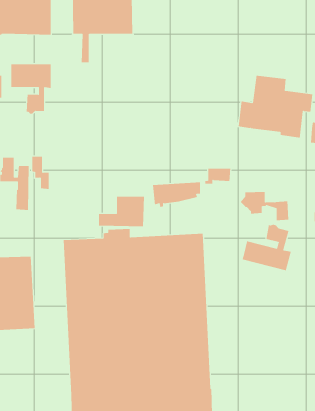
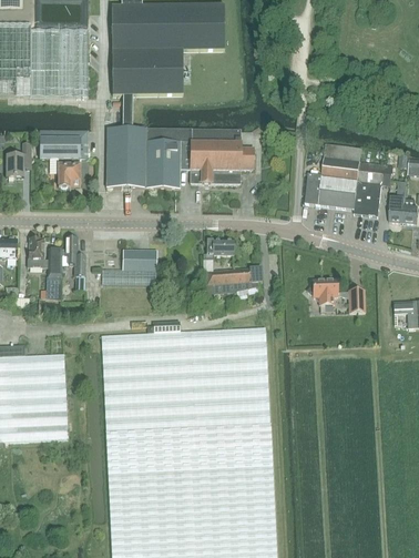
building: none -> [106,126,253,187]
building: [205,168,231,184] -> [203,239,234,257]
building: [98,196,145,227] -> [102,248,156,284]
building: [242,224,291,271] -> none

